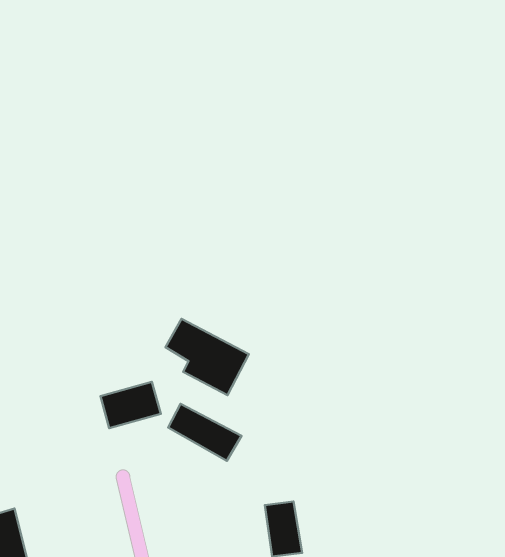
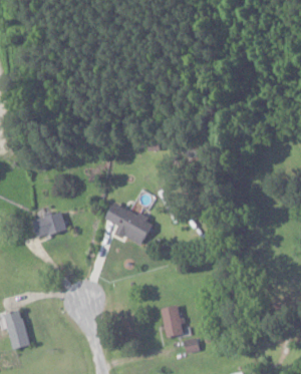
building: [100,382,161,428] -> [32,212,66,238]
building: [168,404,241,461] -> none

